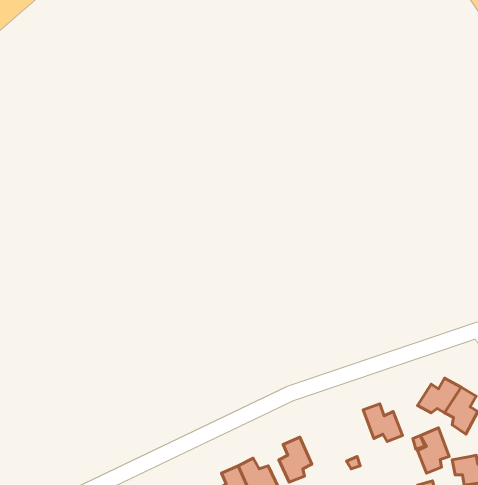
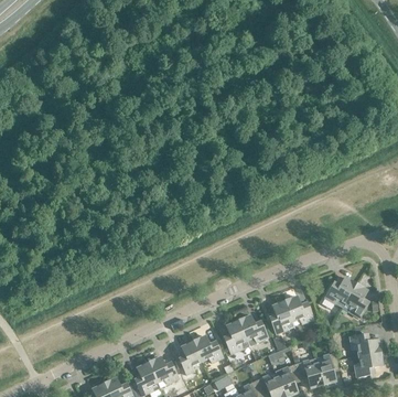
building: [417,428,449,473] -> [269,300,292,333]
building: none -> [238,314,267,342]

